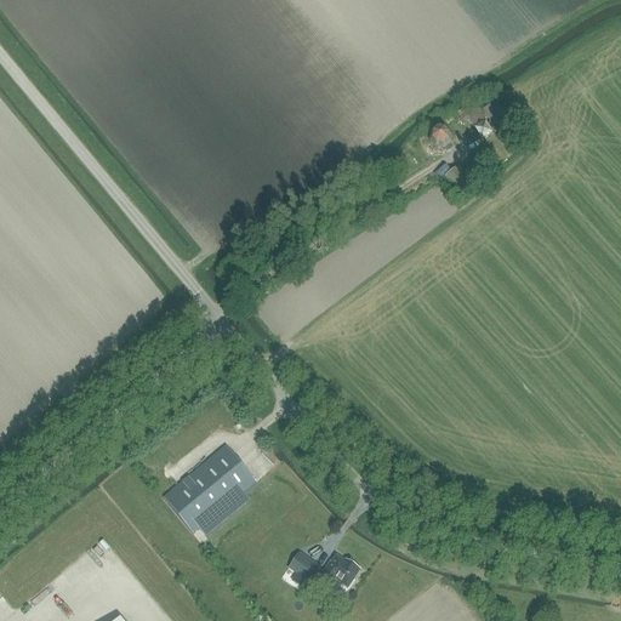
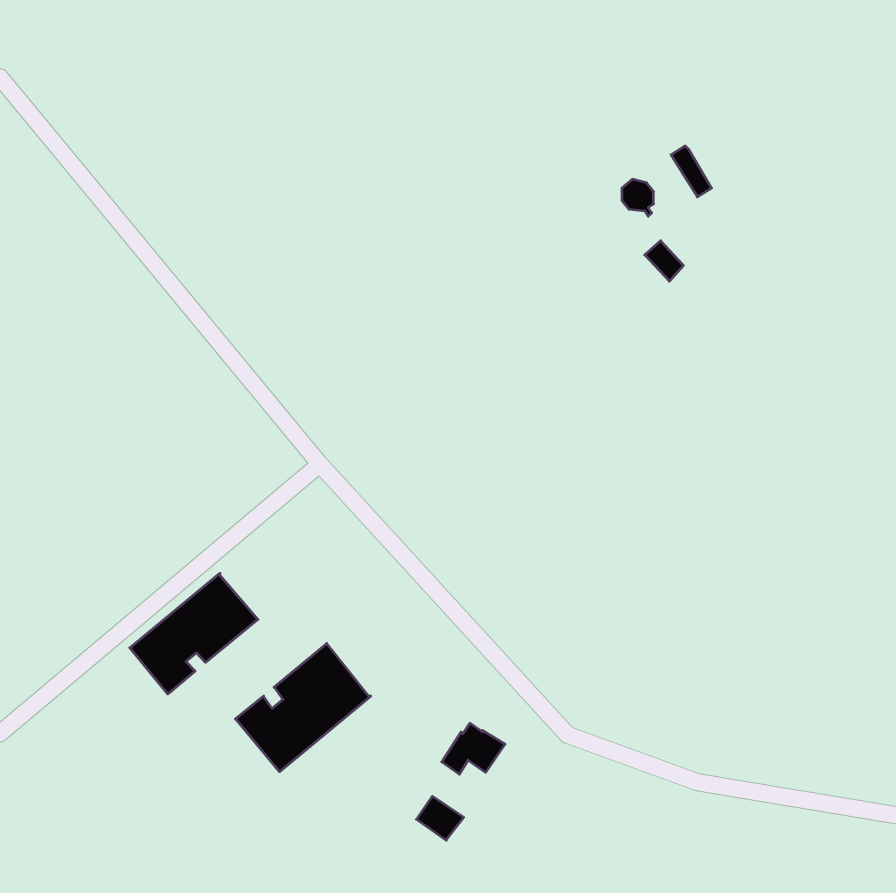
building: none -> [130,573,258,694]
building: [318,553,361,588] -> [442,723,505,774]

